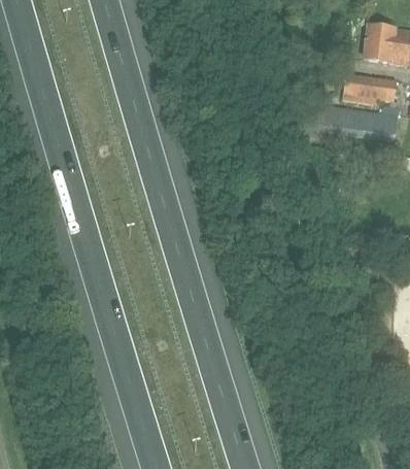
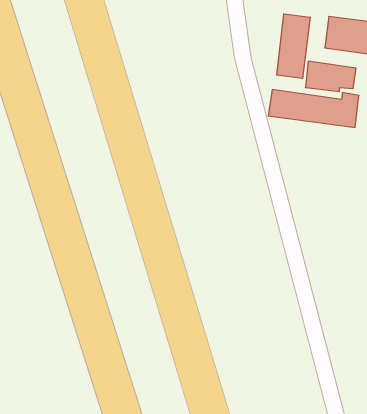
building: none -> [277,14,310,78]

